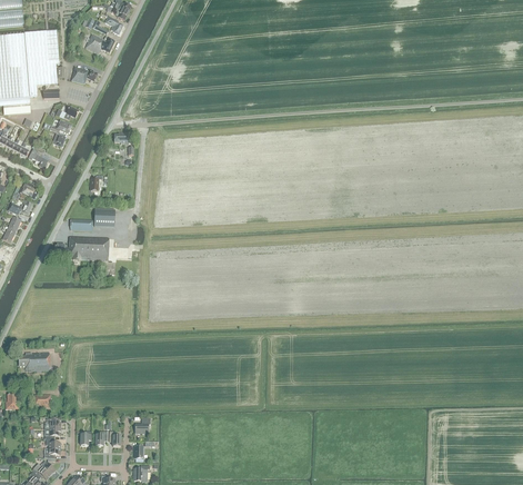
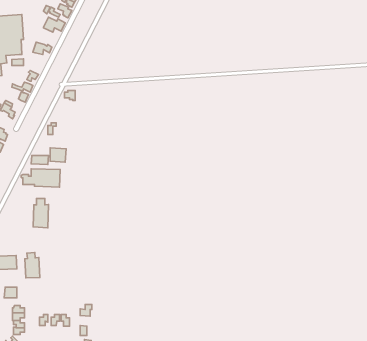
building: none -> [33,198,49,228]
building: none -> [25,252,40,278]

